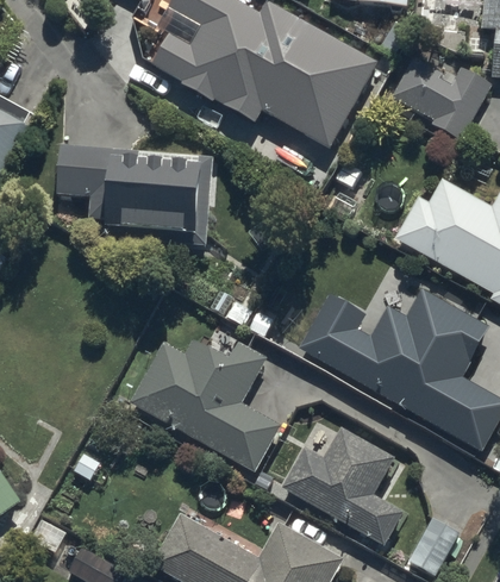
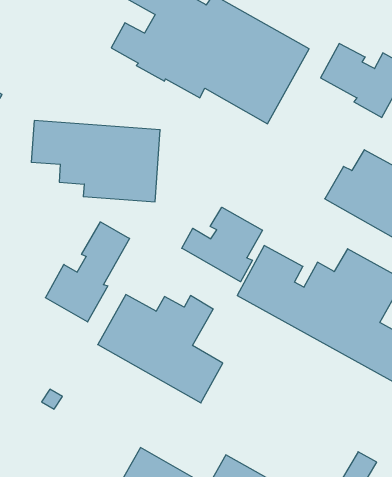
building: none -> [182,207,262,282]
building: none -> [45,222,130,322]
building: [292,432,396,538] -> none

